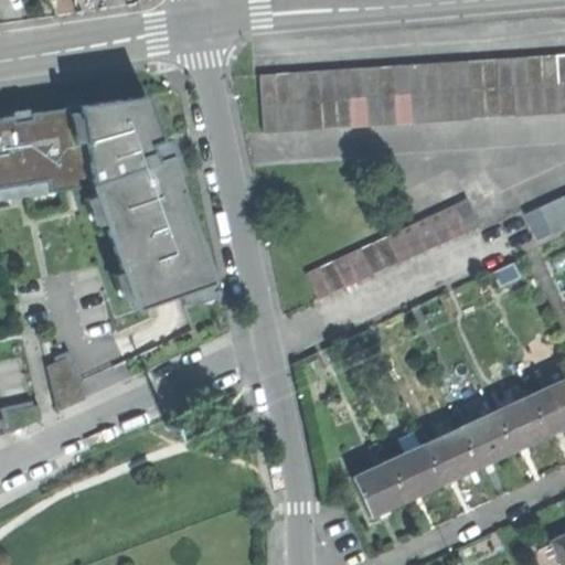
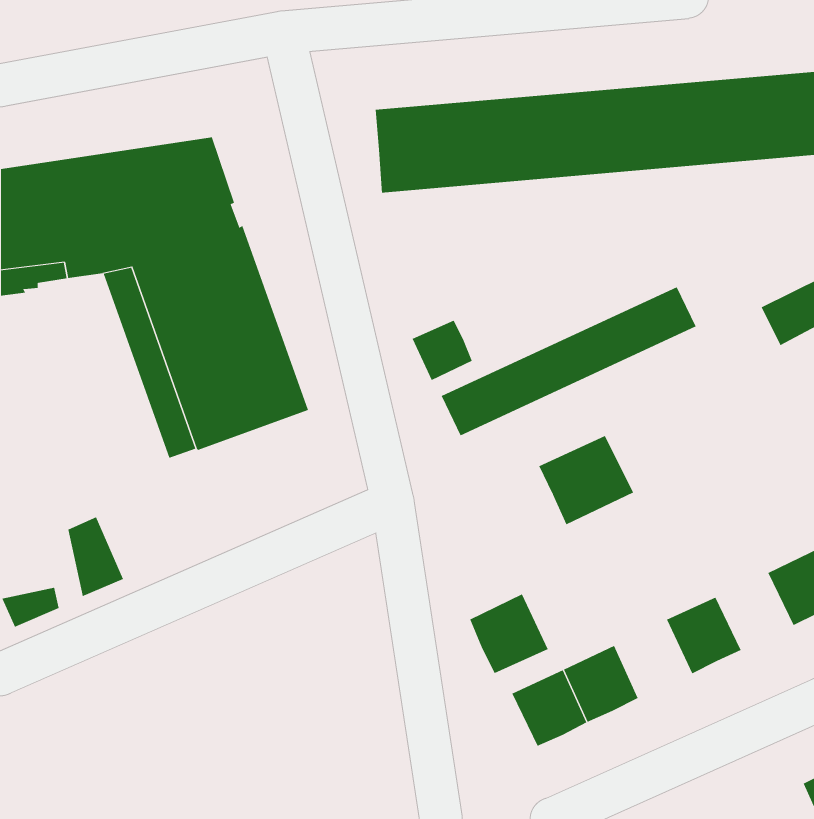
building: none -> [412,320,473,381]
building: none -> [539,435,634,525]
building: [497,393,550,446] -> none
building: none -> [470,594,548,674]
building: [427,425,480,479] -> none

